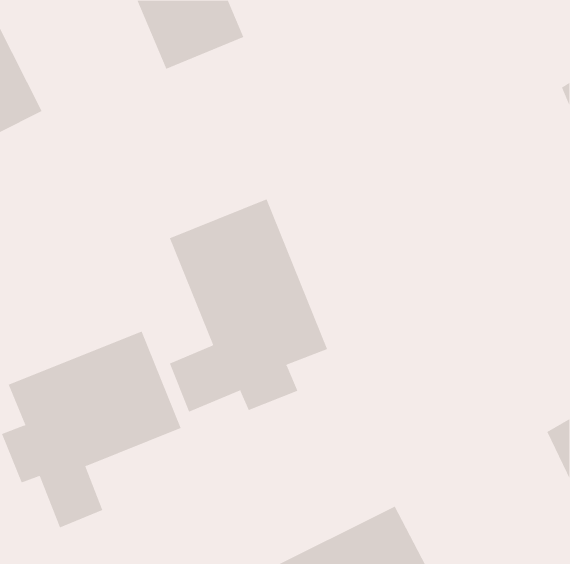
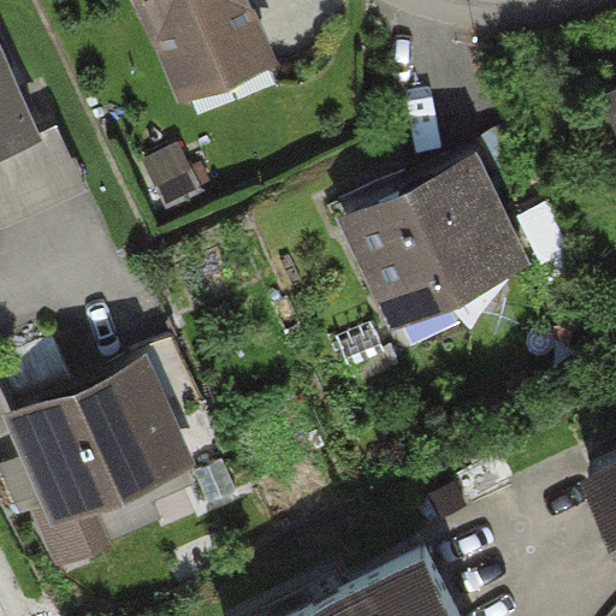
building: none -> [351,166,511,302]
building: [169,199,328,412] -> none

